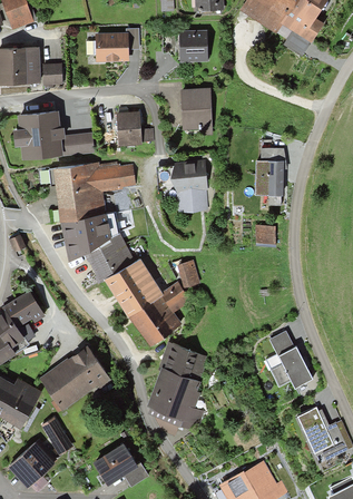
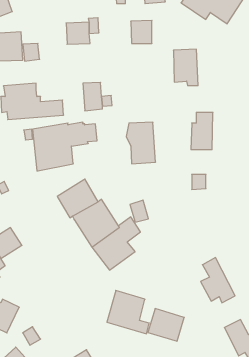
building: [182,88,213,134] -> [173,49,198,86]
building: [61,212,119,261] -> none
building: [159,342,205,383] -> [148,309,184,341]
building: [41,349,106,408] -> none

